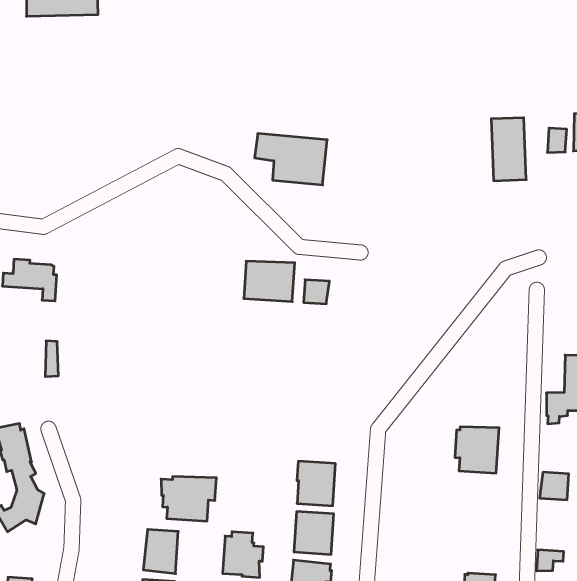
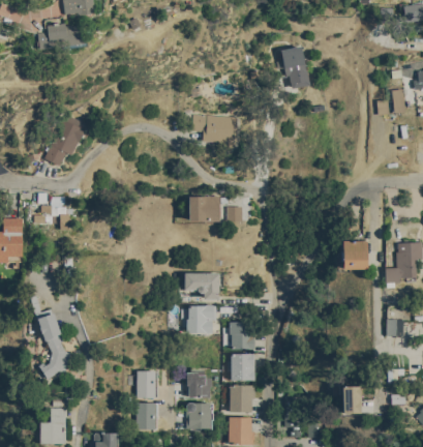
building: [491,118,526,181] -> [282,47,307,88]
building: none -> [44,114,86,166]
building: none -> [185,273,219,300]
building: [455,427,499,473] -> [341,240,368,269]
building: [161,477,216,521] -> [182,305,217,333]

